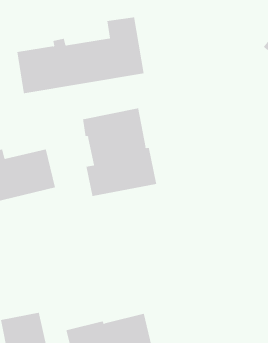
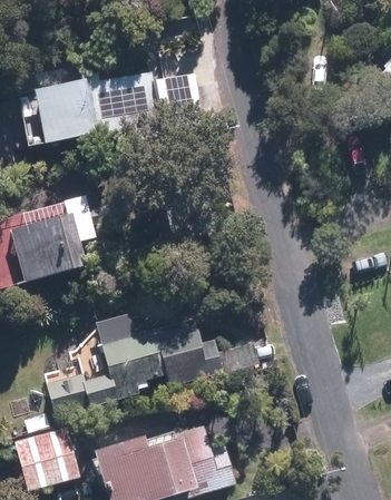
building: [83,107,157,197] -> none
building: none -> [53,313,221,412]

